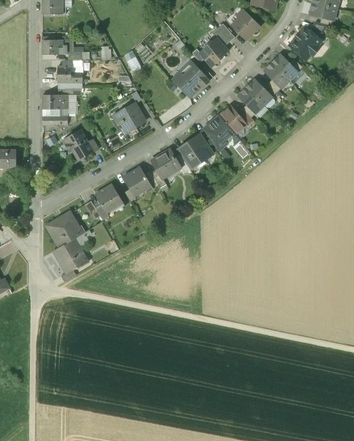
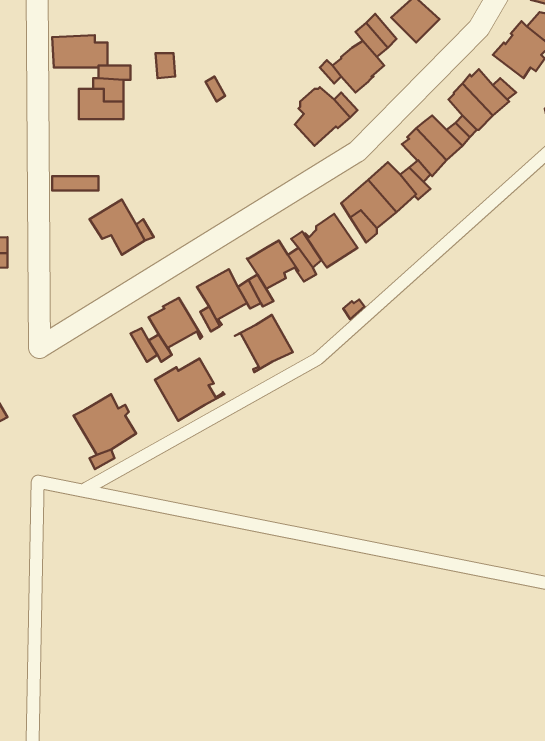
building: [42,93,68,107] -> none
building: [112,103,144,132] -> none
building: none -> [235,315,293,372]
building: [47,210,86,245] -> [155,358,225,421]

